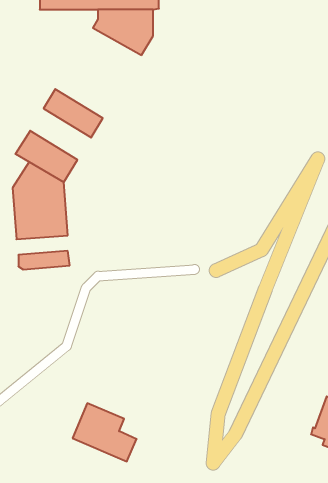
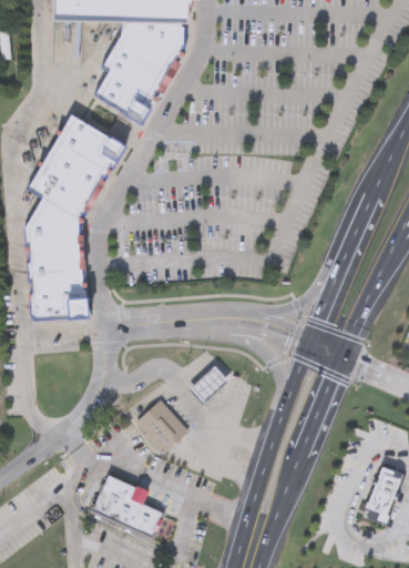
building: none -> [93,42,170,121]
building: none -> [42,134,112,193]
building: none -> [27,280,85,302]
building: none -> [190,364,228,403]
building: none -> [134,397,188,452]

